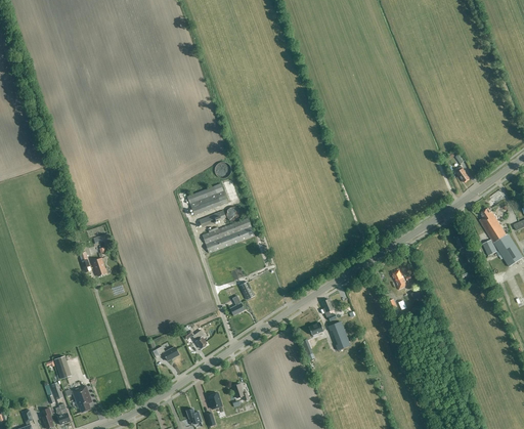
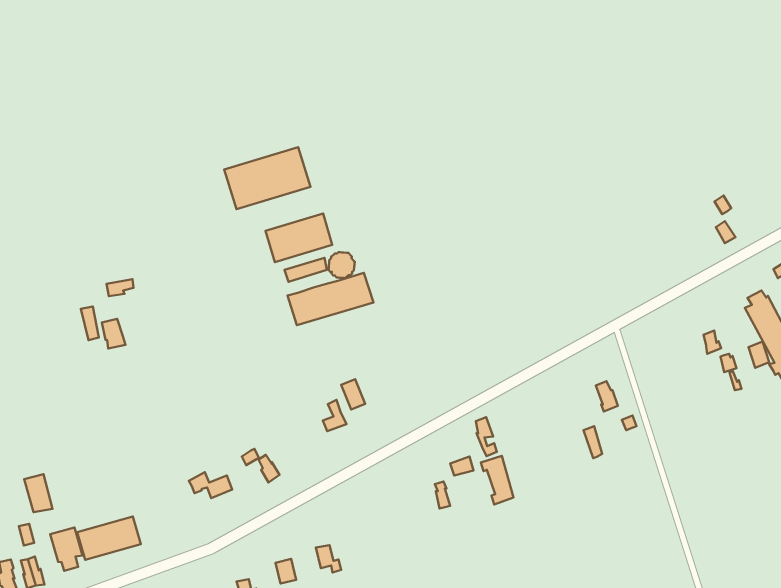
building: none -> [224,147,310,209]
building: none -> [77,516,141,560]

